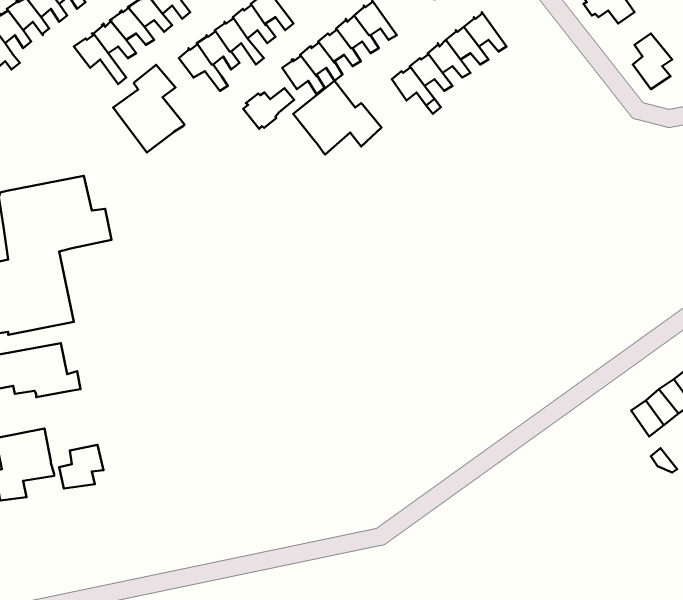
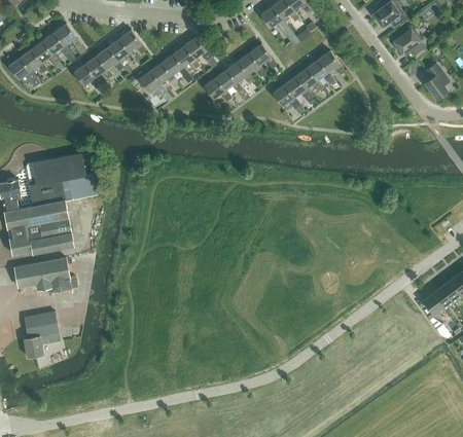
building: [113,65,185,152] -> none
building: [293,81,382,154] -> none
building: [243,88,294,129] -> none
building: [59,445,104,488] -> none

